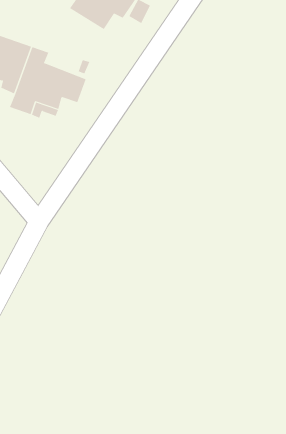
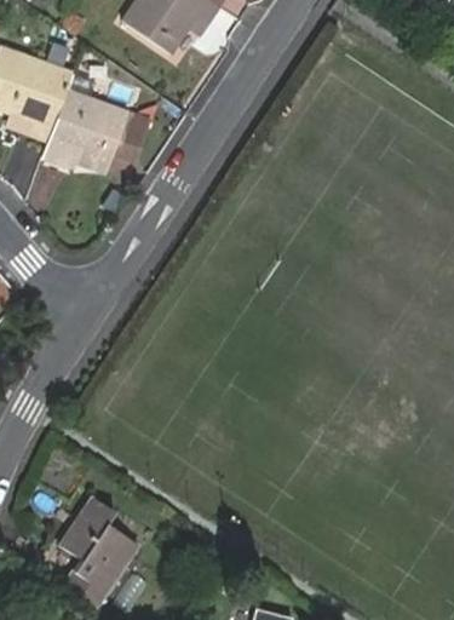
building: none -> [59,499,136,608]

